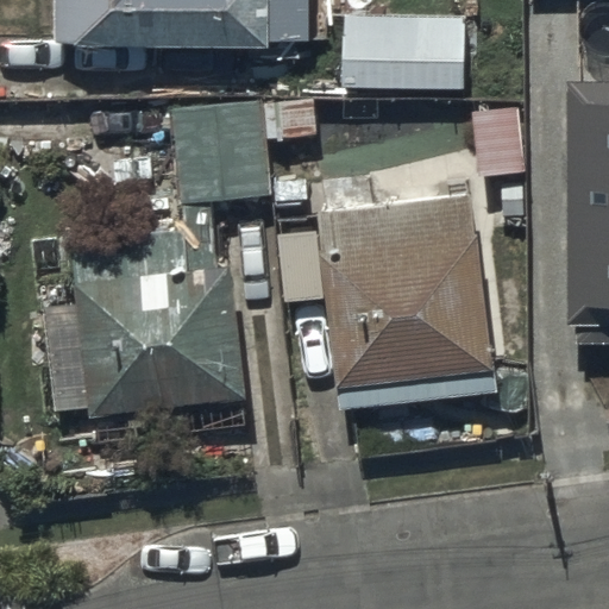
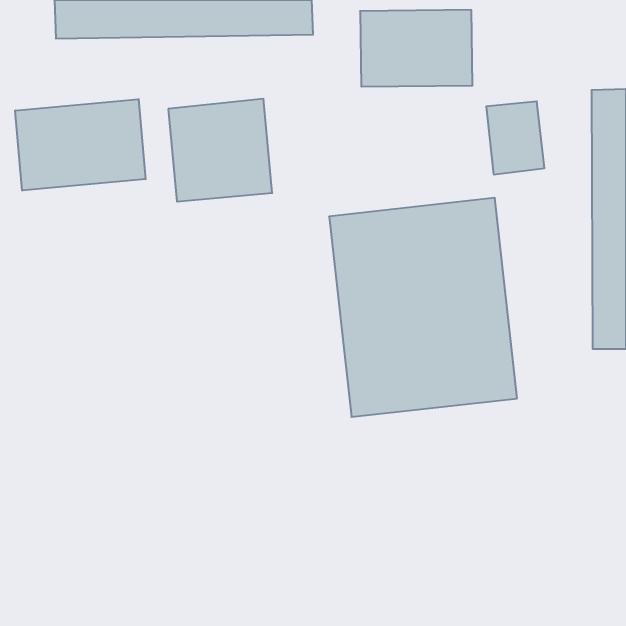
building: none -> [15,99,146,191]
building: [69,201,245,417] -> none

